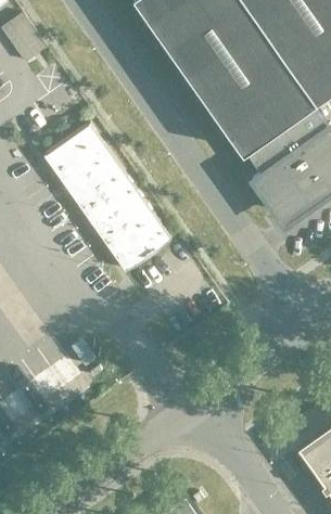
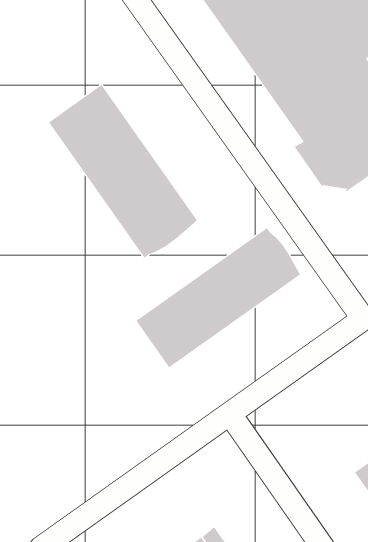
building: none -> [136,227,301,368]

